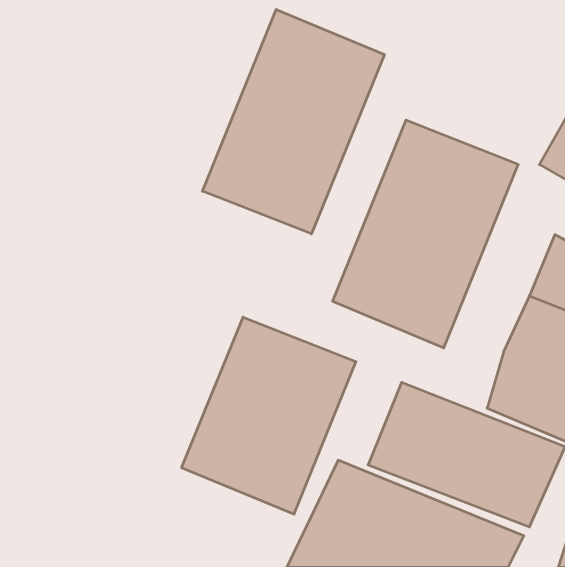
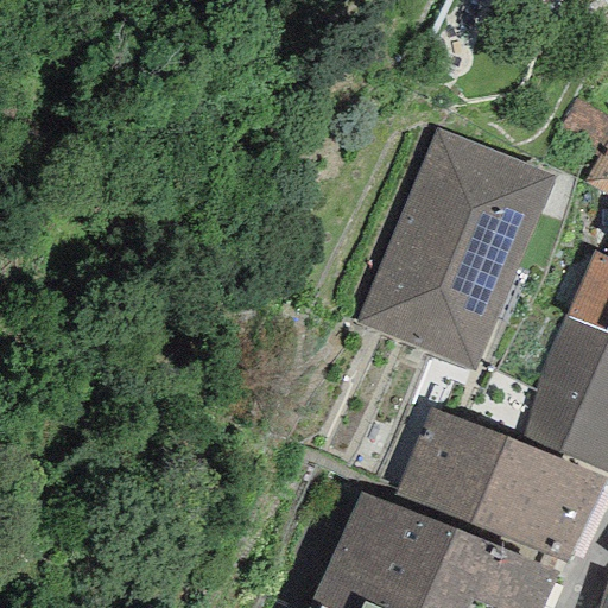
building: [202,9,384,234] -> none
building: [182,317,356,514] -> none

